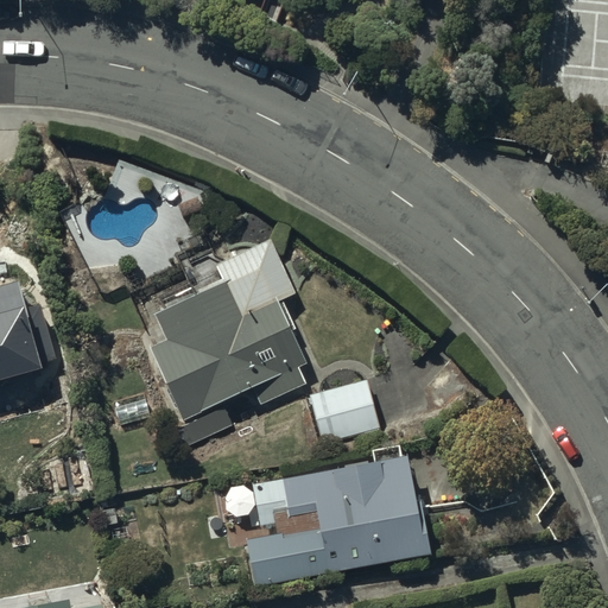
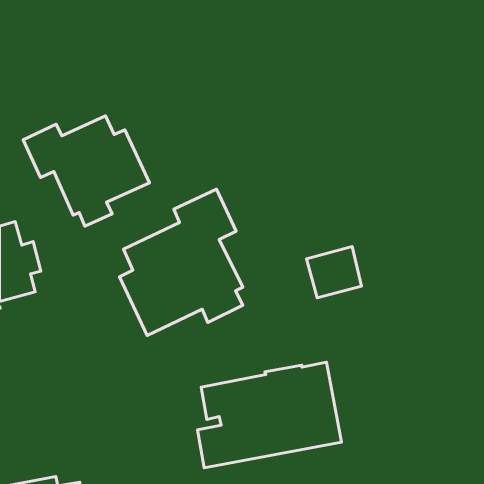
building: none -> [23,116,149,226]
building: [309,381,378,445] -> [307,246,362,298]

